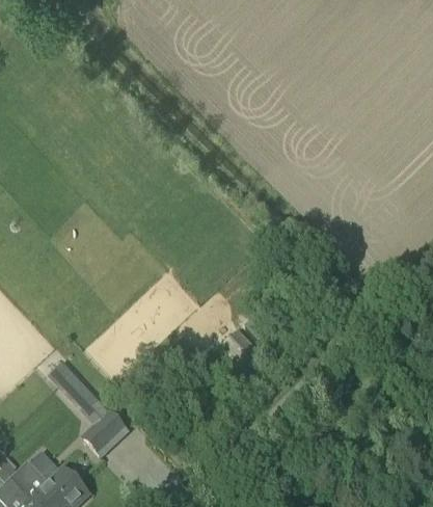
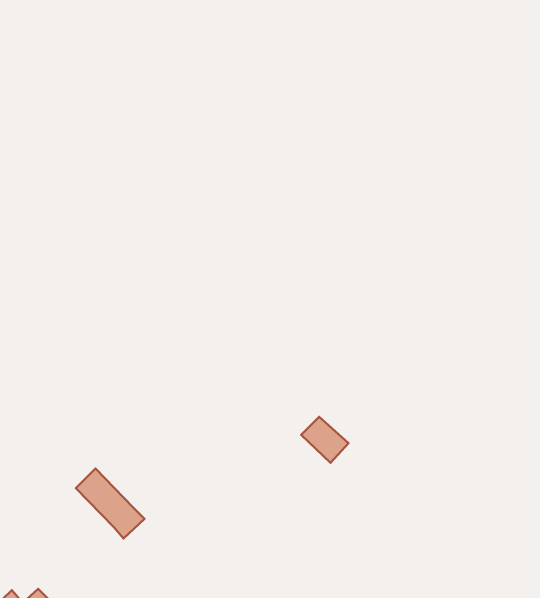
building: [81,409,127,455] -> none

